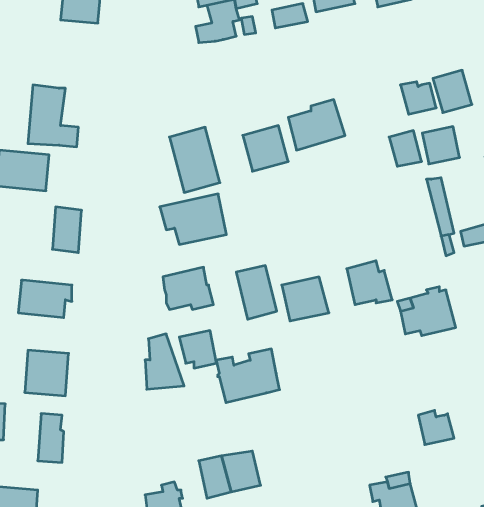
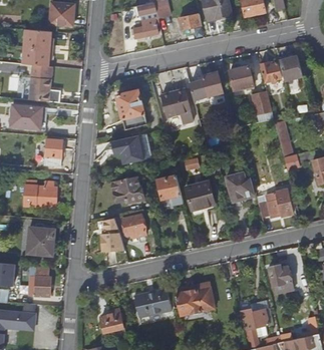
building: none -> [24,29,51,66]
building: [422,127,460,164] -> [230,67,253,90]
building: [216,349,280,403] -> [176,282,215,315]

